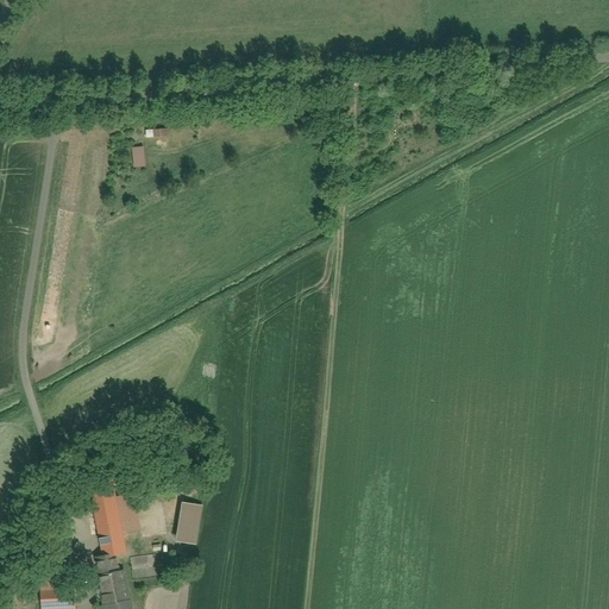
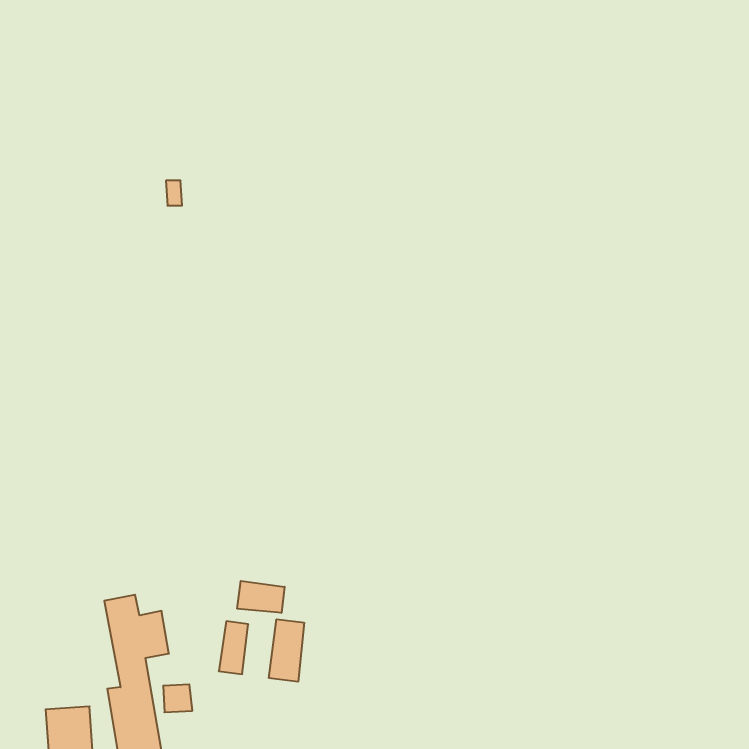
building: none -> [237,581,285,613]
building: none -> [269,619,304,682]

